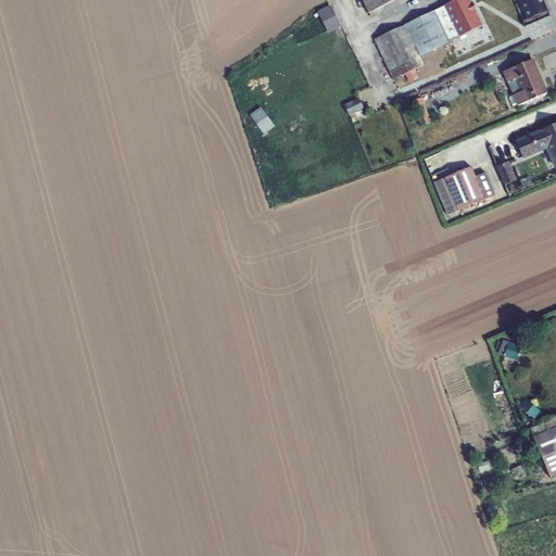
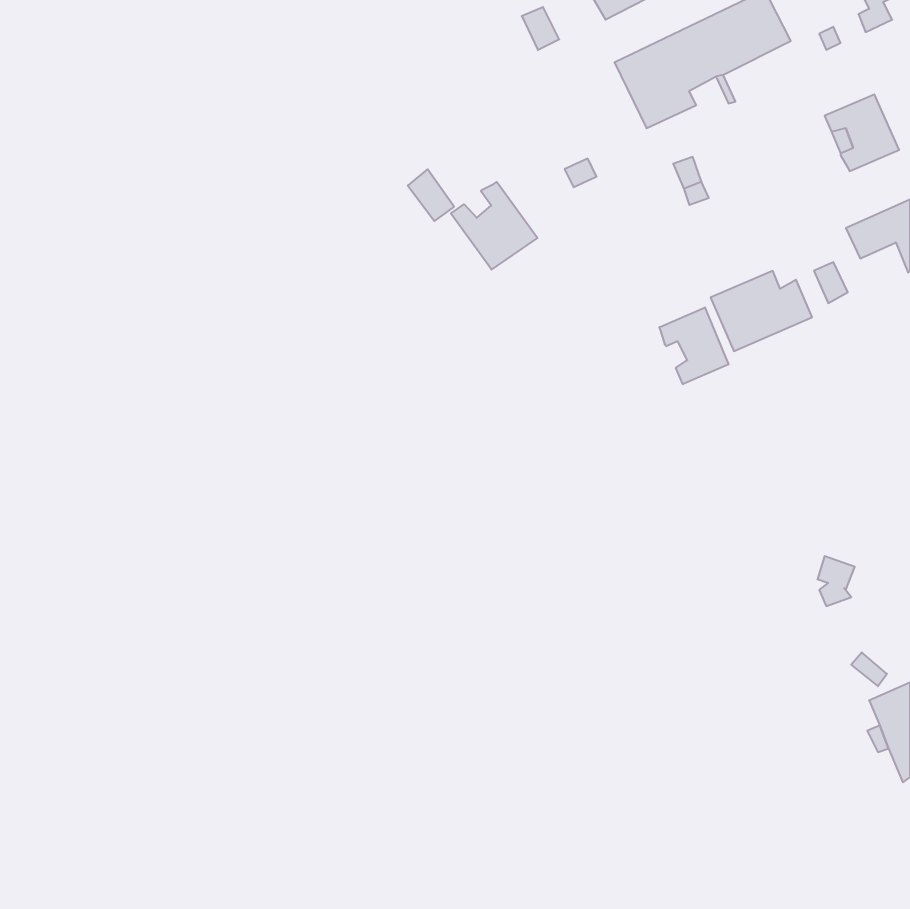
building: none -> [451,182,537,270]
building: none -> [659,307,728,384]

